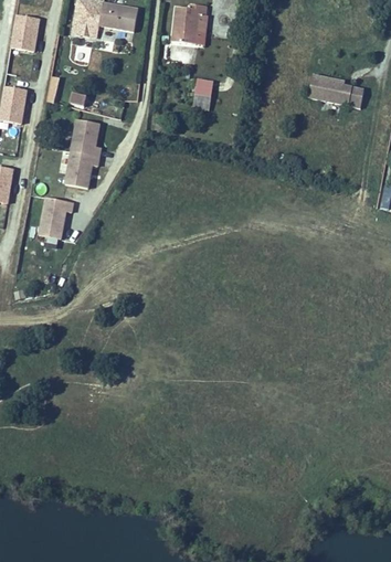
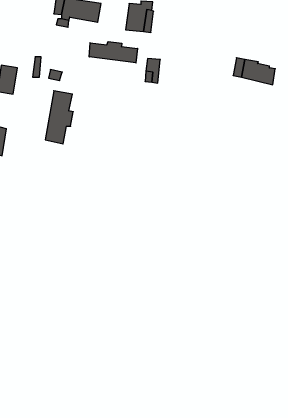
building: [12,14,41,52] -> none
building: none -> [89,42,138,63]
building: [38,197,72,238] -> none

